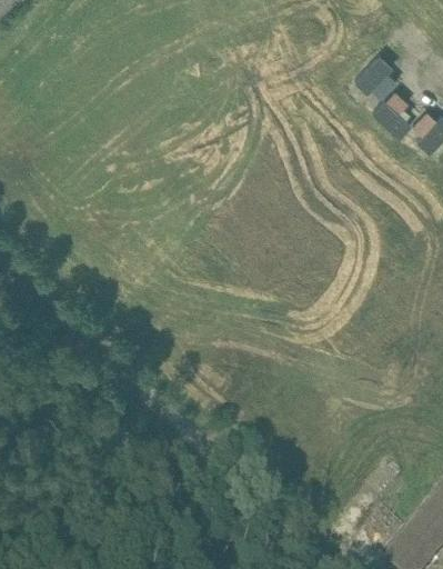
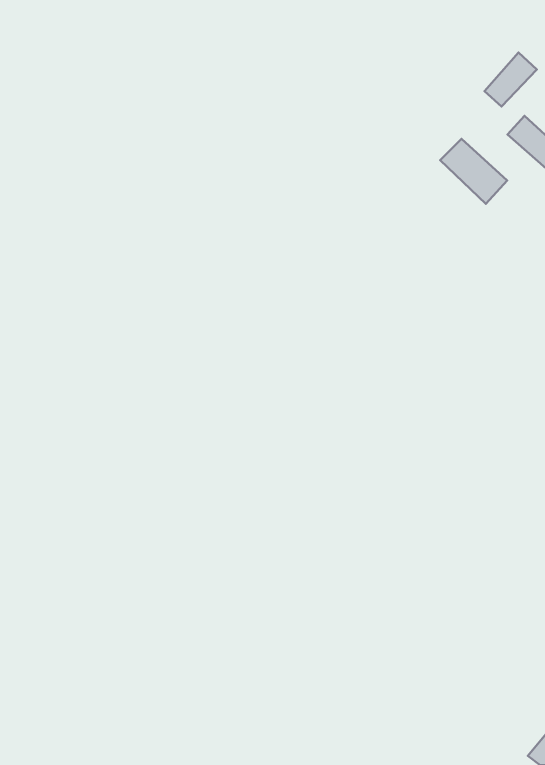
building: none -> [440,139,507,204]

